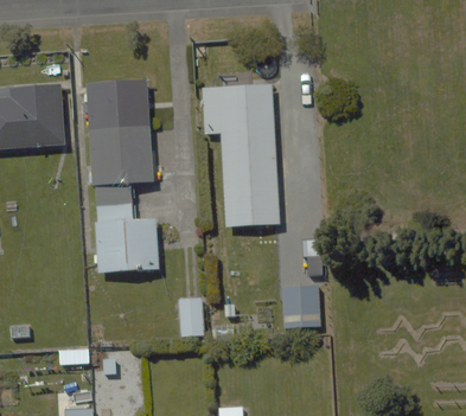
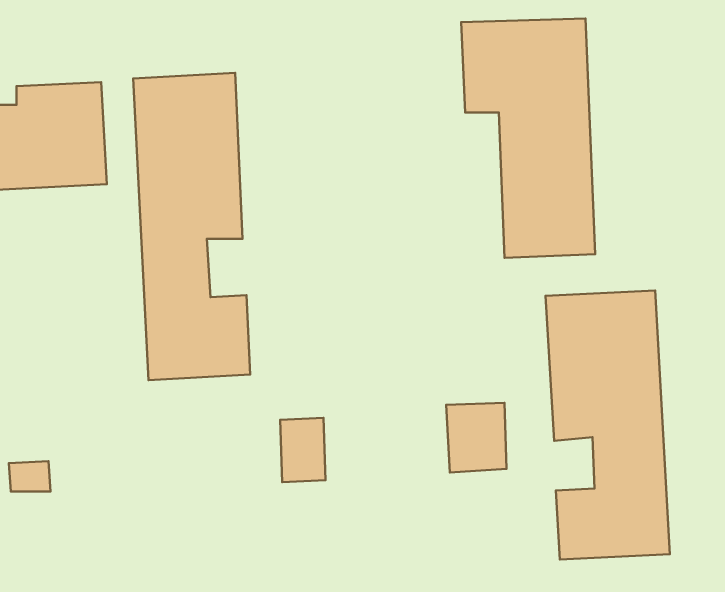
building: [199,79,283,230] -> [461,18,595,258]
building: none -> [545,290,670,560]

